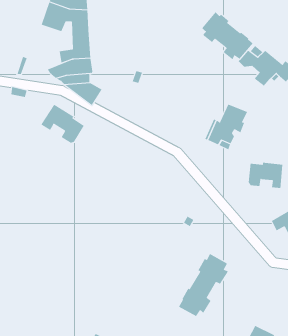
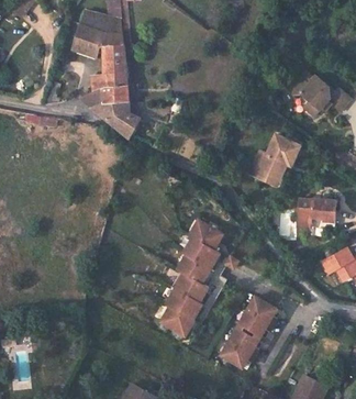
building: [201,12,253,60] -> none
building: [41,104,85,144] -> none
building: none -> [160,220,222,334]

